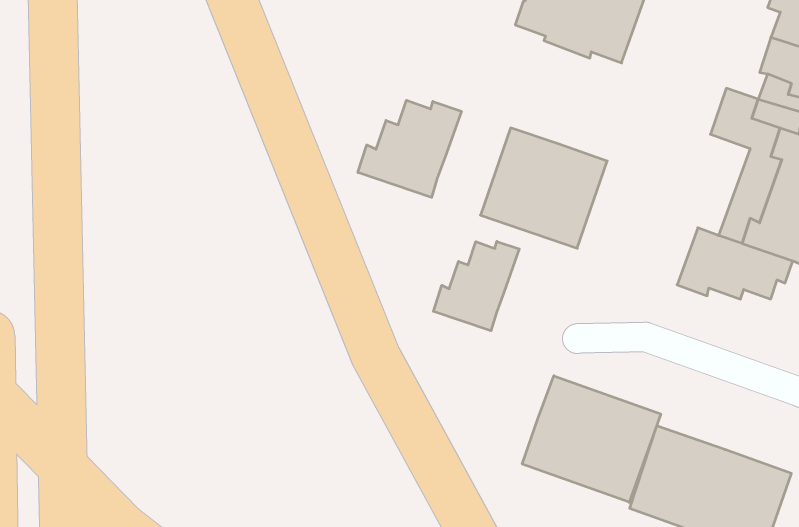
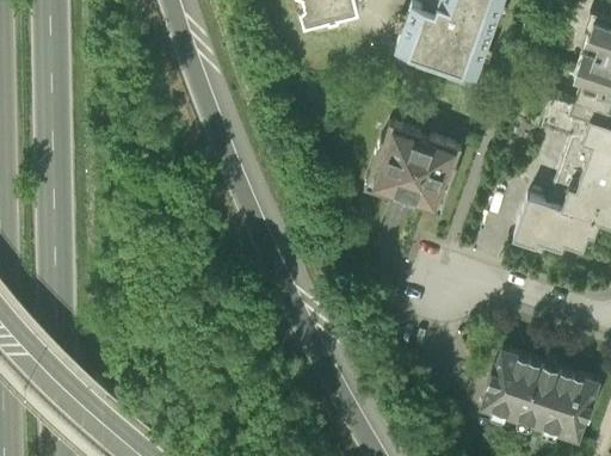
building: [358,100,461,197] -> none
building: [433,241,519,331] -> none
building: [522,376,661,502] -> none

